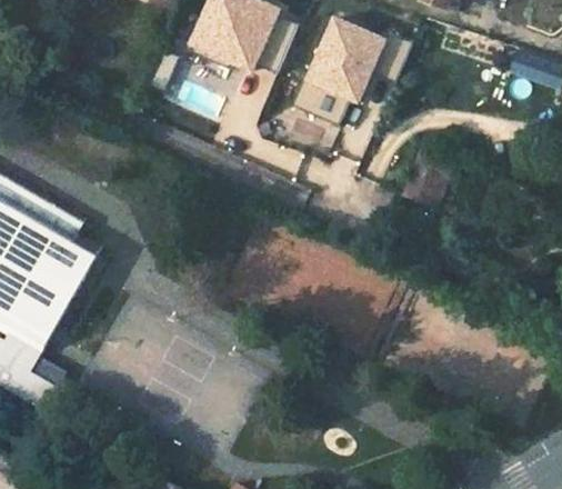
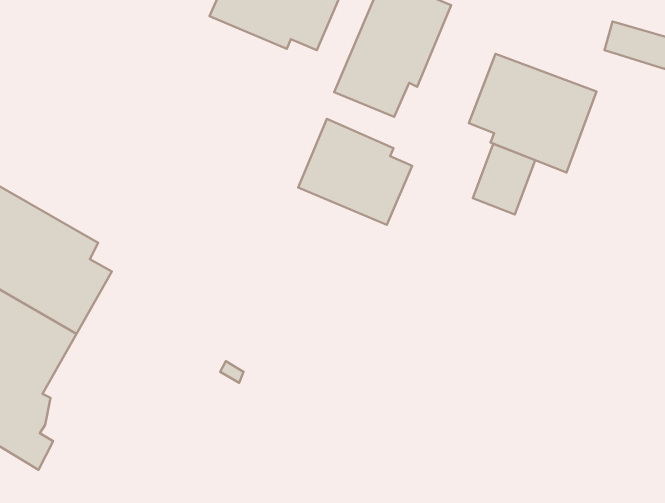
building: none -> [469,54,597,172]
building: none -> [298,119,412,225]

